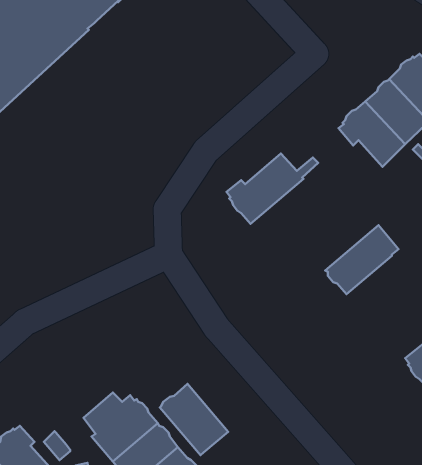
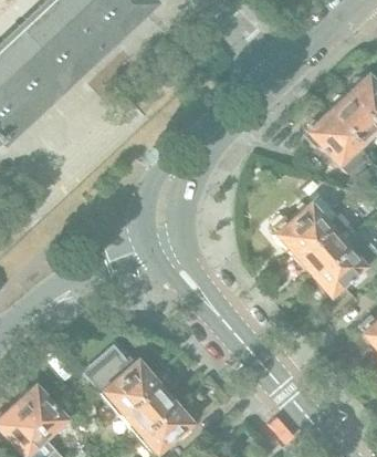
building: [226,153,318,224] -> [275,195,352,253]
building: none -> [313,241,368,297]
building: [160,384,228,455] -> none

